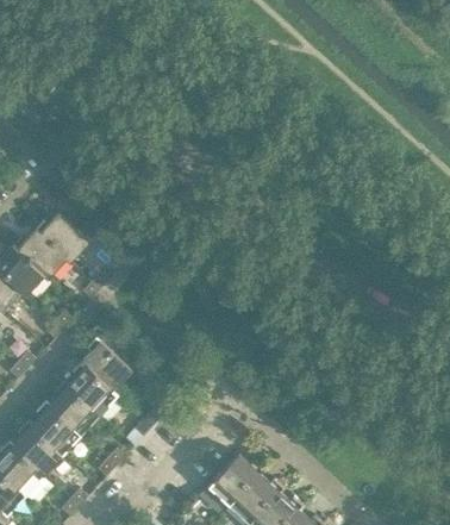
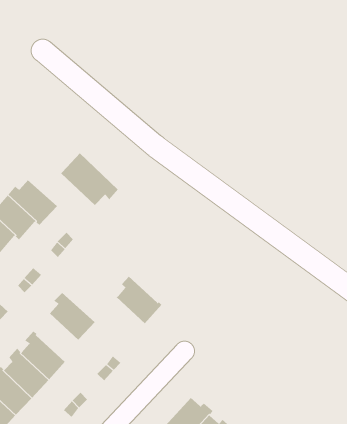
building: none -> [60,152,118,206]
building: [64,364,115,418] -> [116,276,162,324]

